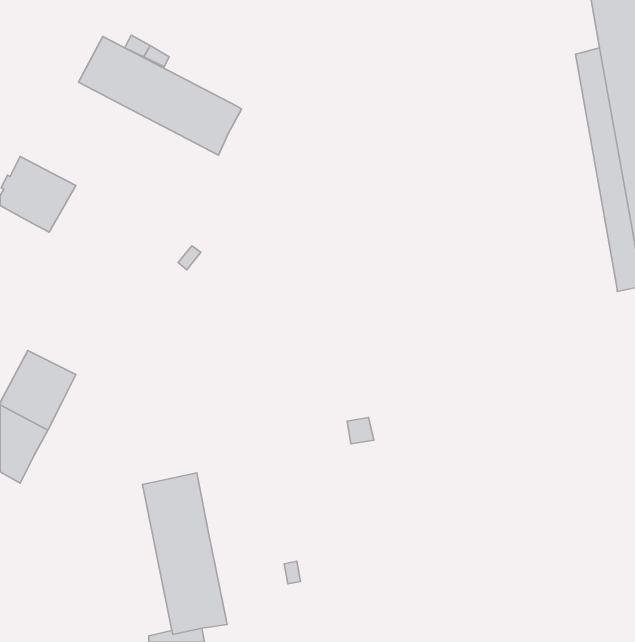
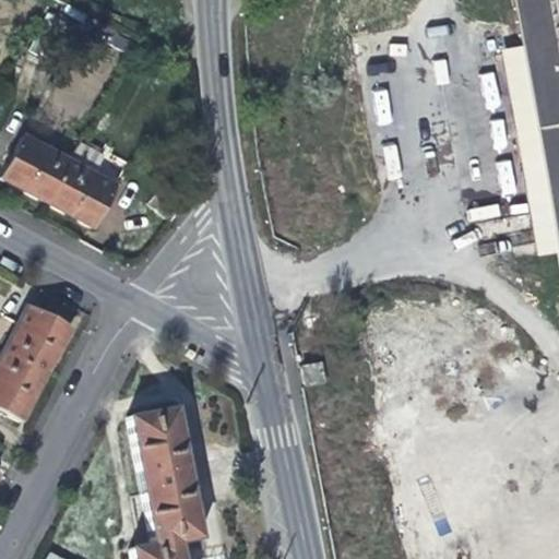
building: [78,36,242,155] -> none
building: none -> [51,160,122,226]

